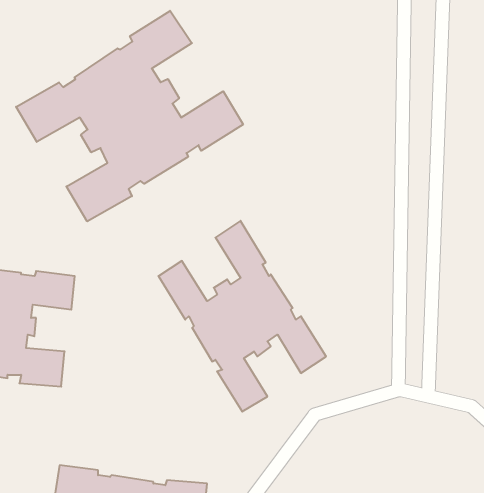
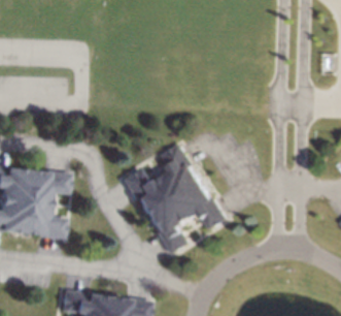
building: [16,11,243,221] -> none

